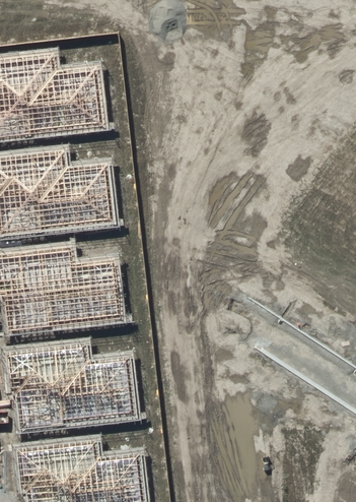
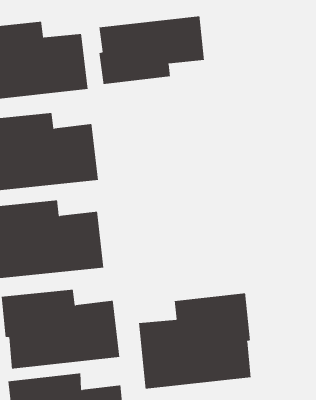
building: none -> [99,16,205,85]
building: none -> [138,292,251,390]

